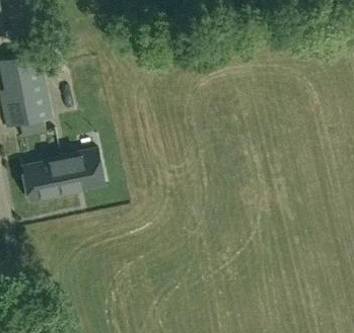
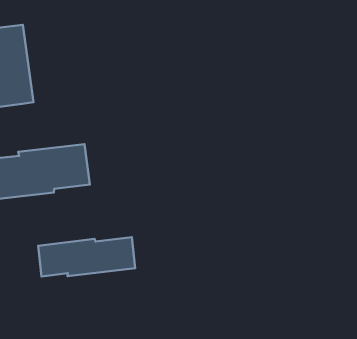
building: none -> [38,237,135,277]

